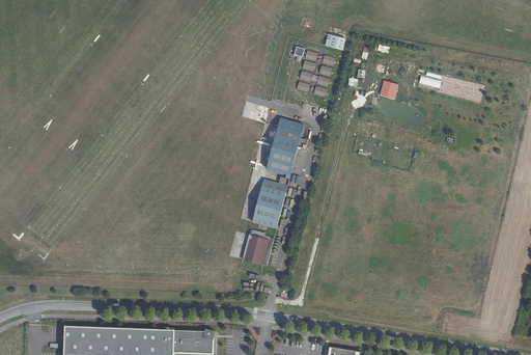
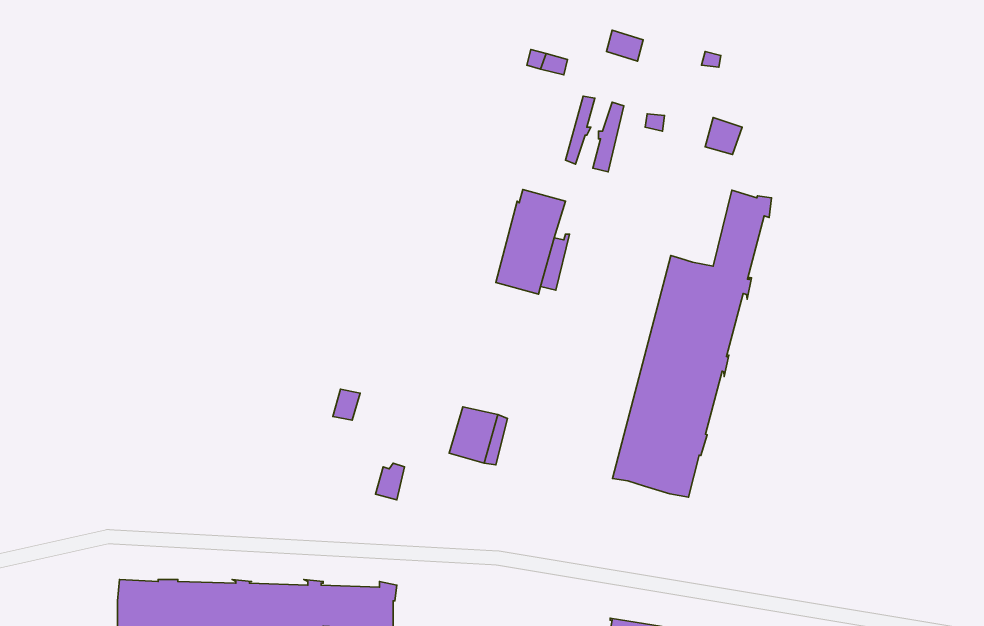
building: none -> [612,190,771,497]
building: [251,179,286,227] -> none

